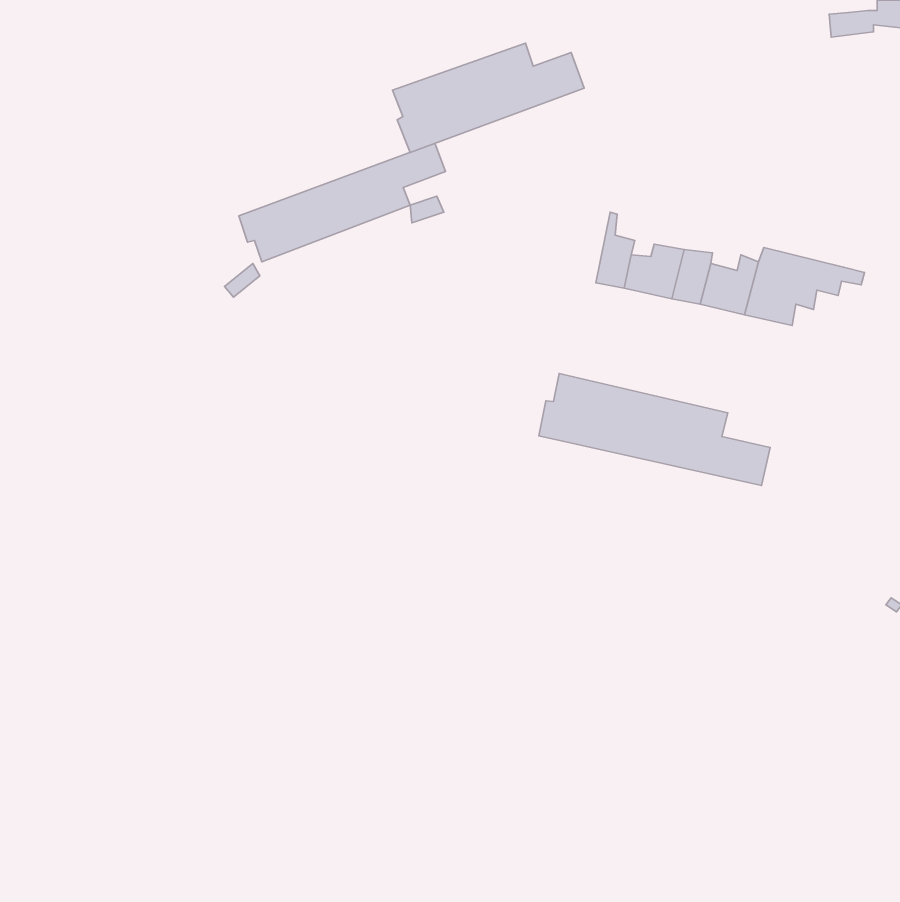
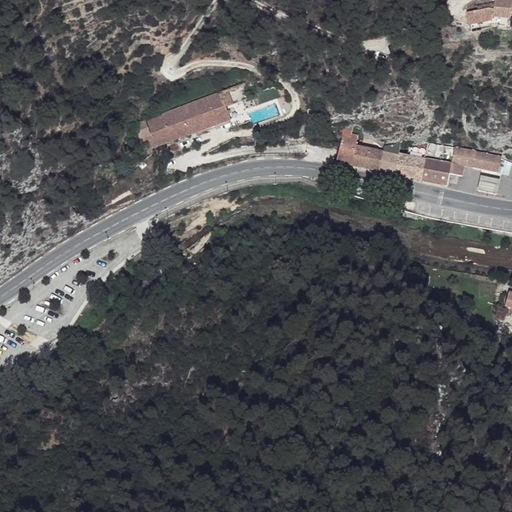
building: [392,43,584,152] -> none
building: [539,373,770,485] -> none

